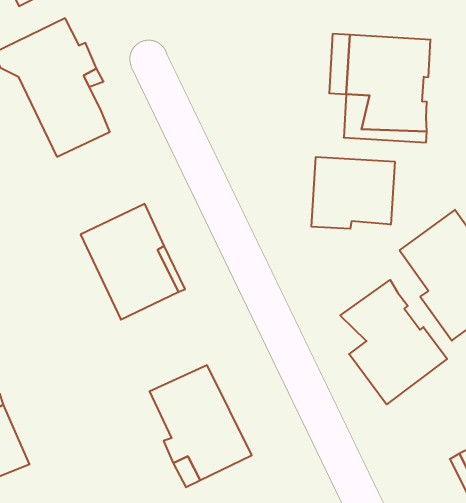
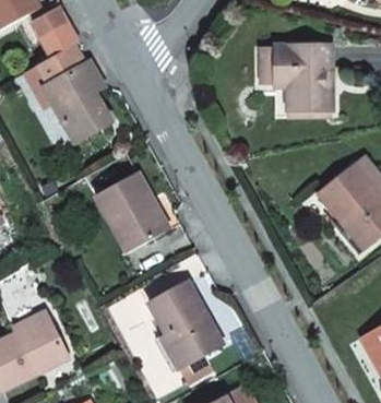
building: [312,157,395,229] -> none
building: [340,280,447,404] -> none

